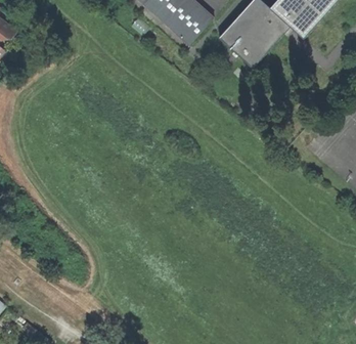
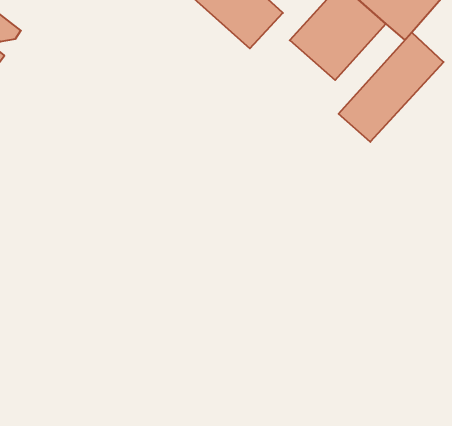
building: none -> [339,33,444,142]

